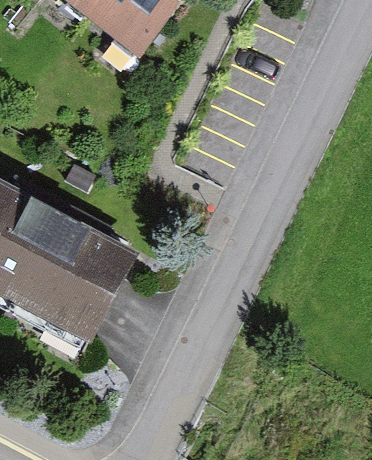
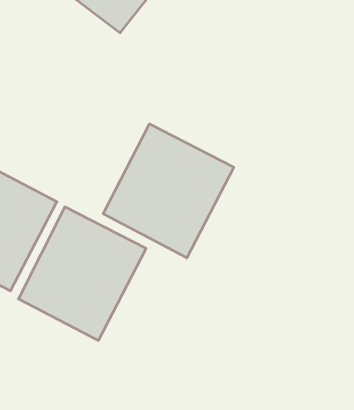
building: none -> [103,124,234,258]

